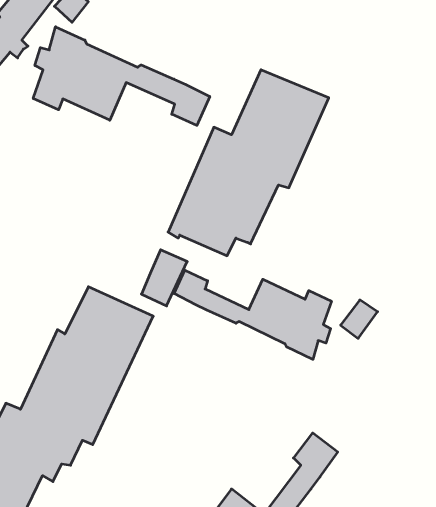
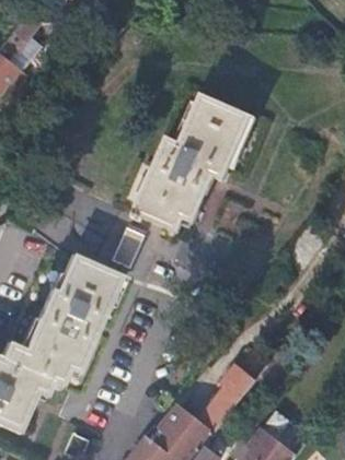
building: [33,27,210,125] -> none
building: [174,270,331,359] -> none

